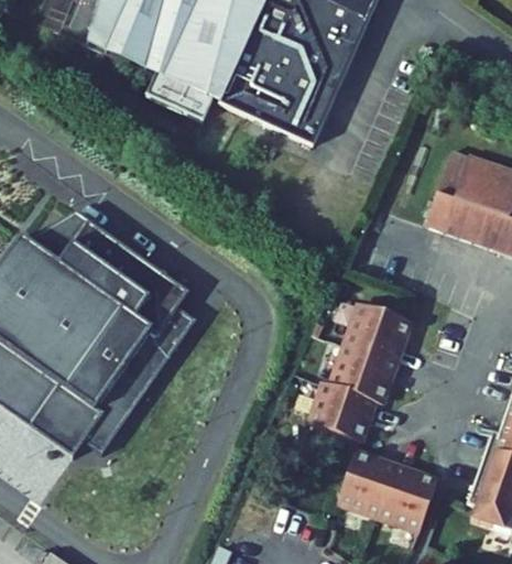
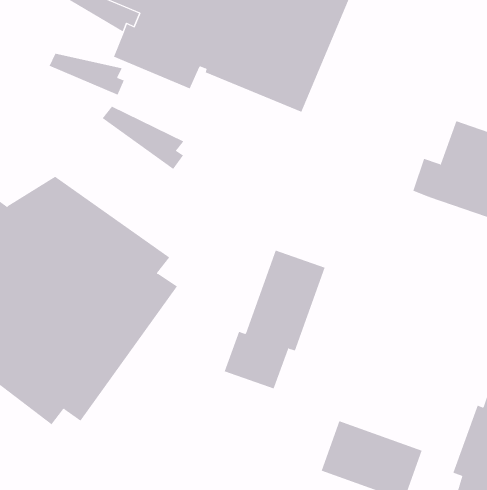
building: none -> [49,53,125,95]
building: none -> [102,106,184,170]
building: [309,303,410,441] -> [224,250,326,389]

